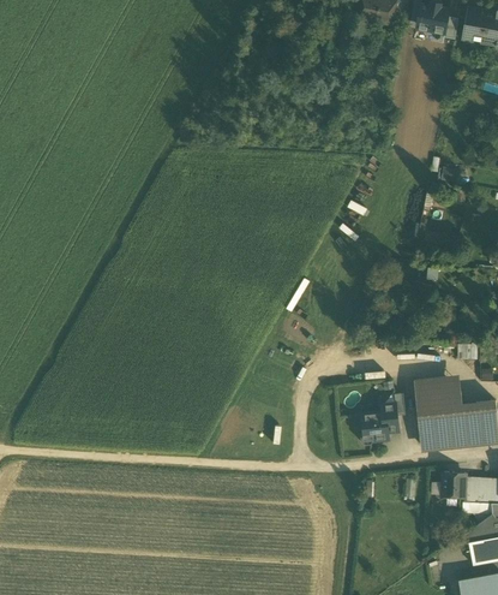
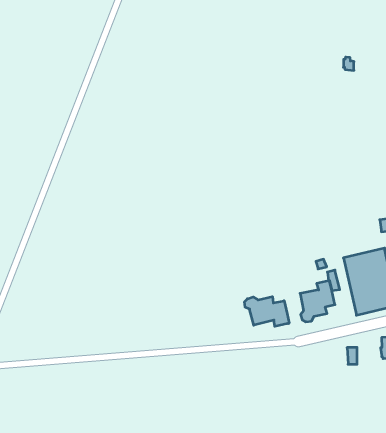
building: none -> [245,297,289,326]

